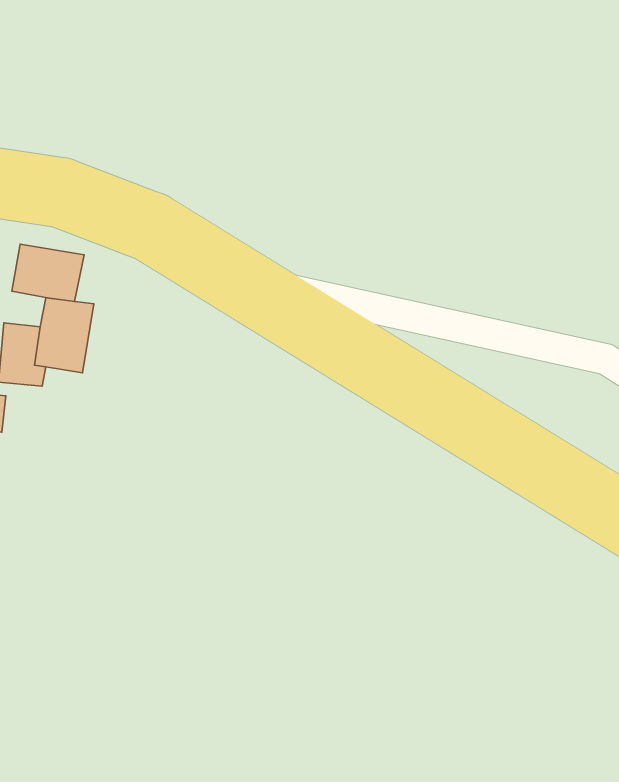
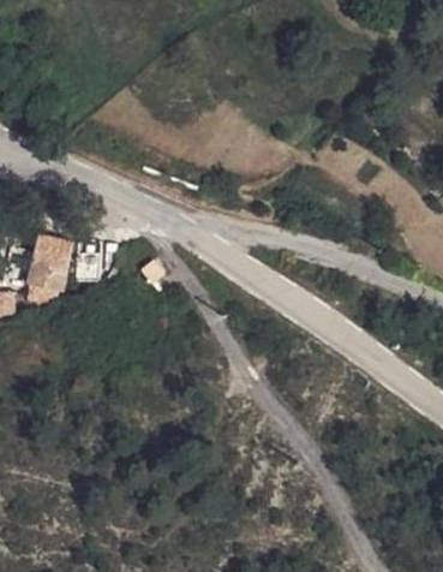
building: [12,244,84,301] -> none

